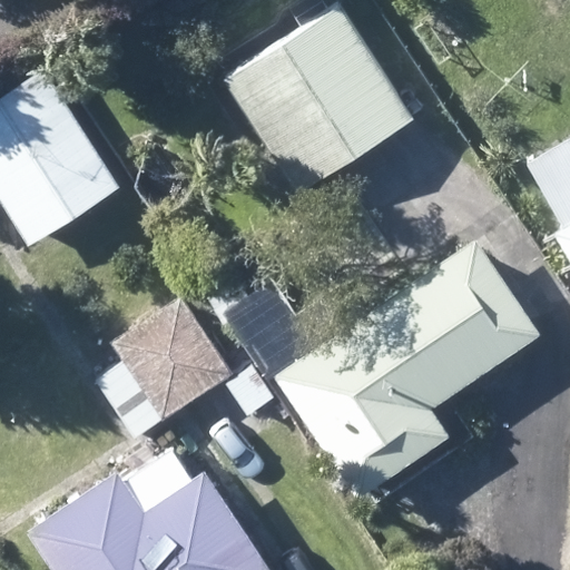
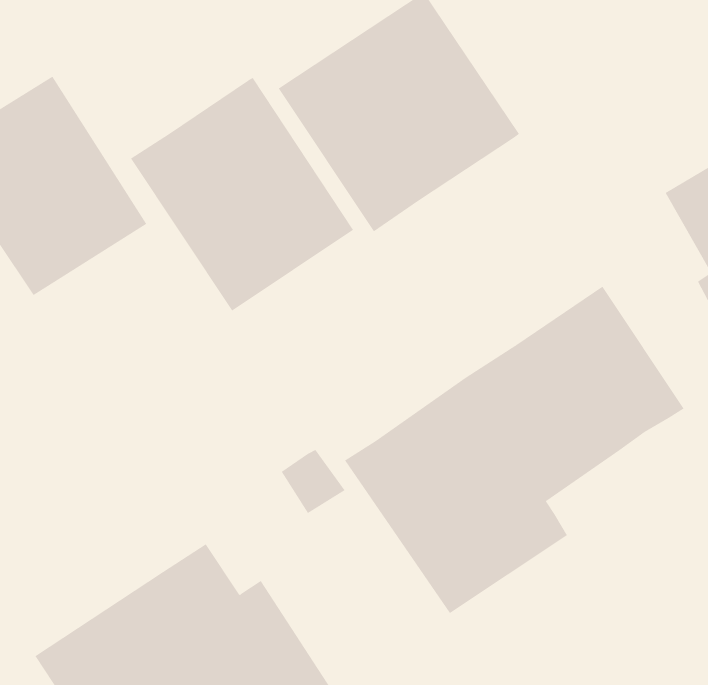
building: none -> [130,77,354,312]
building: [95,295,233,440] -> none

